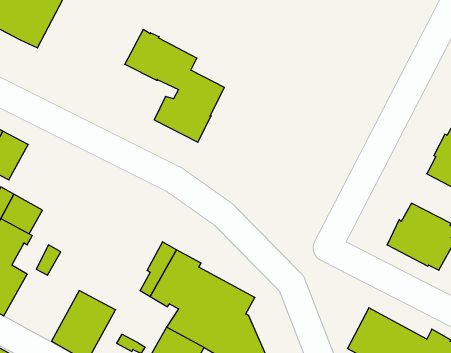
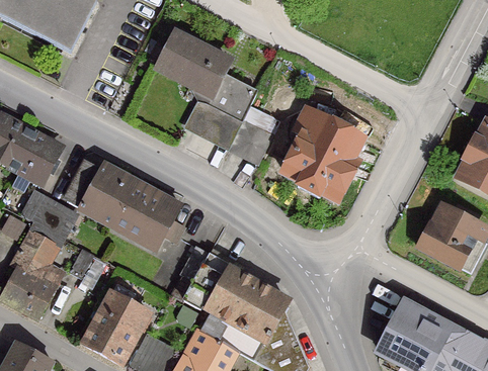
building: none -> [284,110,360,198]
building: none -> [230,118,272,160]
building: none -> [66,161,184,247]

